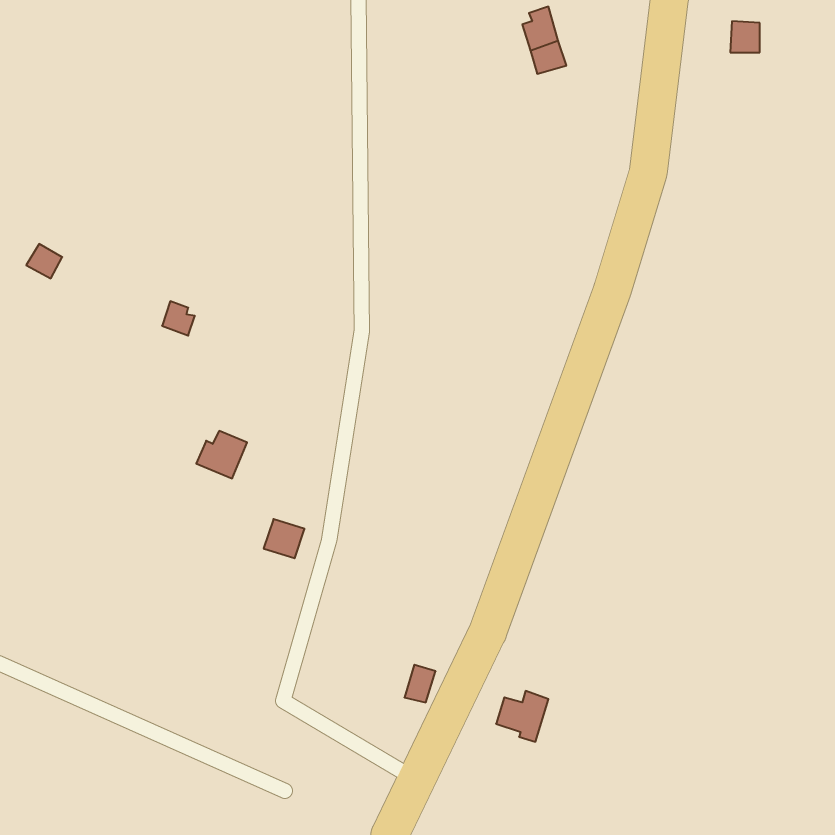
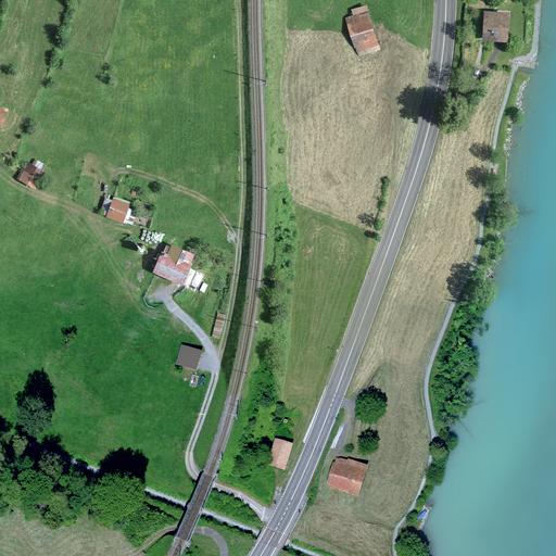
building: [196,431,247,478] -> [156,245,190,277]

